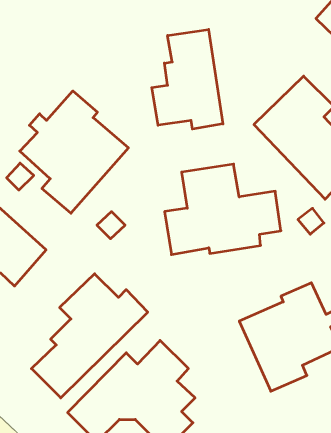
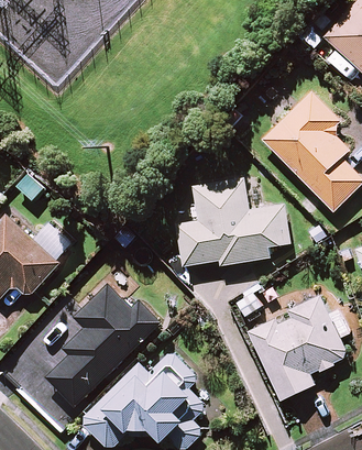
building: [152,29,223,129] -> none
building: [20,91,128,213] -> none

